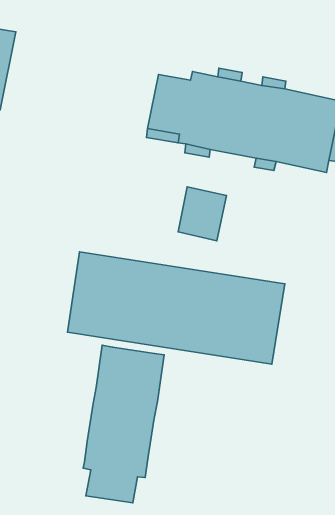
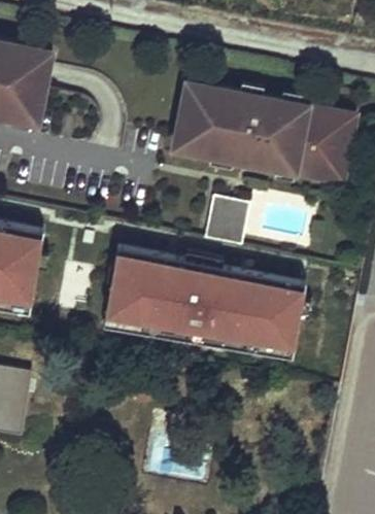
building: [83,345,164,503] -> none

